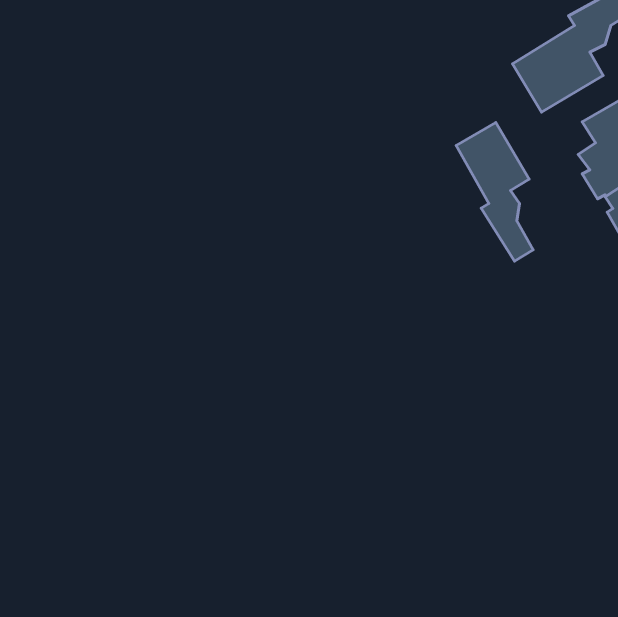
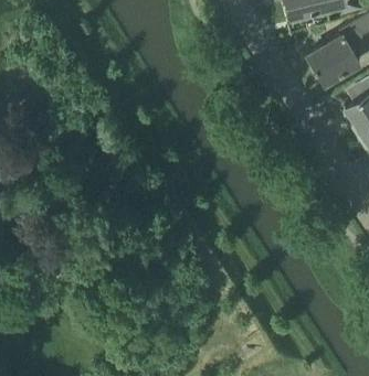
building: [456,122,533,261] -> none

